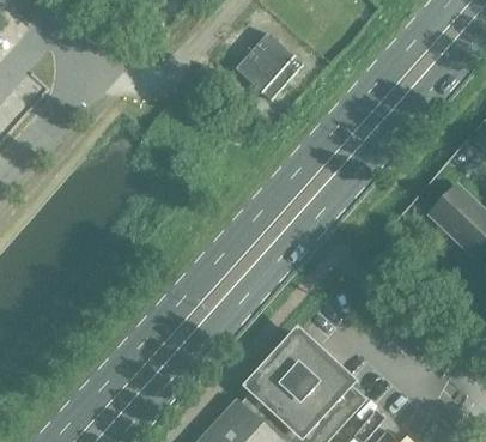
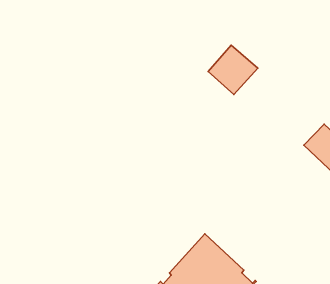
building: [237,32,304,99] -> [208,45,258,95]

